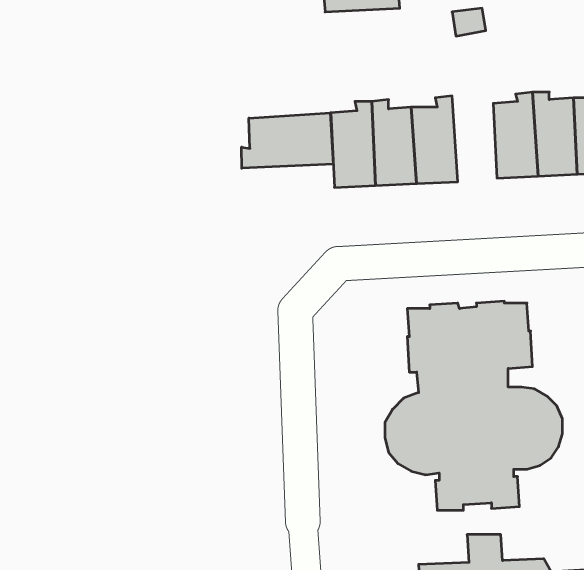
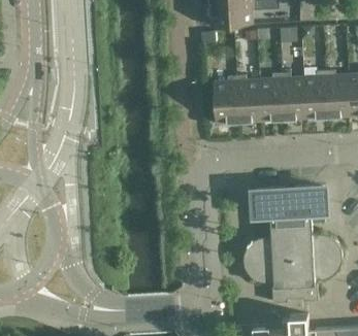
building: none -> [280,72,304,120]
building: [242,113,333,168] -> none

